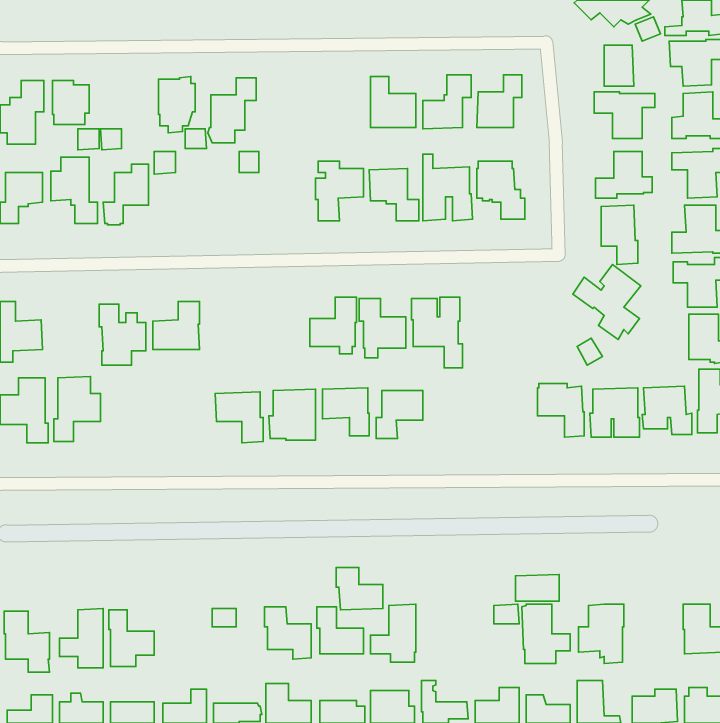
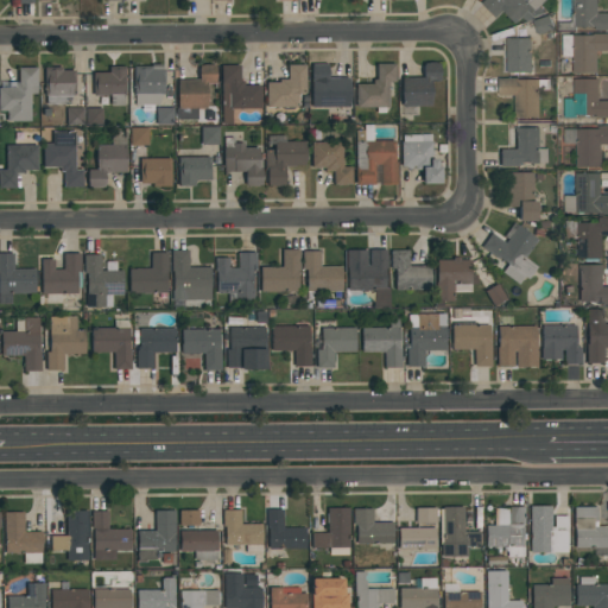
building: none -> [268,64,308,107]
building: none -> [223,65,262,125]
building: none -> [95,66,127,106]
building: none -> [226,138,264,186]
building: none -> [180,157,213,186]
building: none -> [141,159,172,186]
building: none -> [173,251,213,309]
building: none -> [392,251,432,290]
building: none -> [217,253,258,303]
building: none -> [44,254,83,293]
building: none -> [437,258,479,302]
building: none -> [408,314,450,367]
building: none -> [363,319,403,367]
building: none -> [93,321,132,369]
building: none -> [138,328,177,368]
building: [336,567,383,610] -> [355,508,394,544]
building: [515,574,559,601] -> [400,527,437,550]
building: none -> [532,506,570,553]
building: none -> [139,511,177,562]
building: none -> [182,530,220,560]

